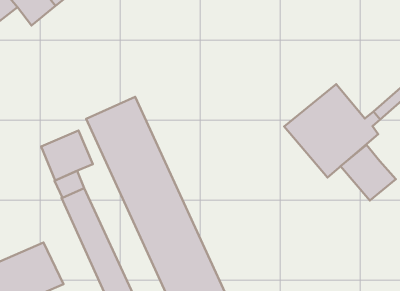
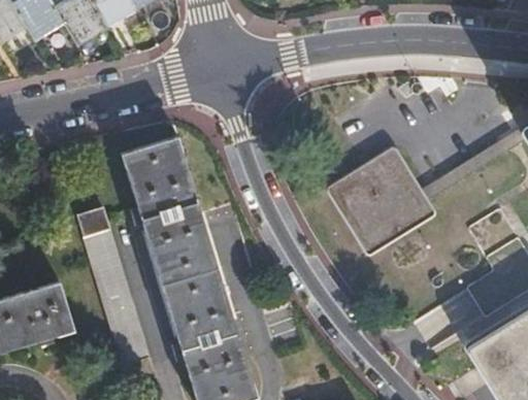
building: [41,130,93,180] -> none
building: [341,145,396,201] -> none

